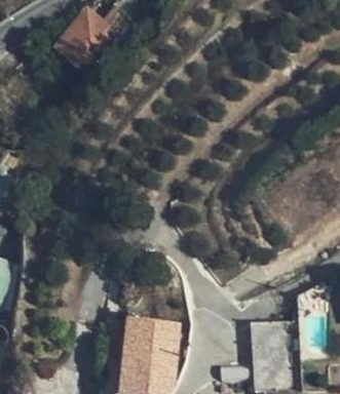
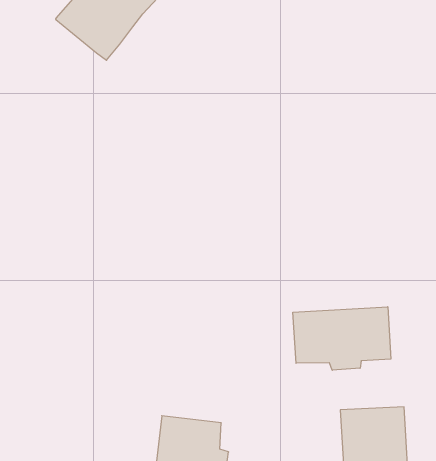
building: none -> [293,307,391,370]

